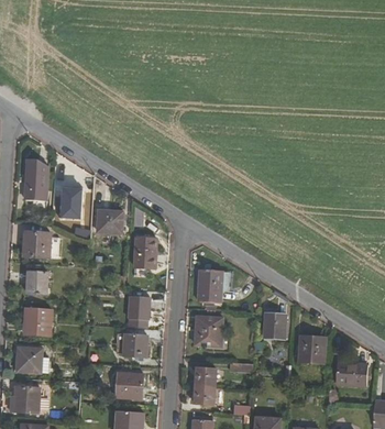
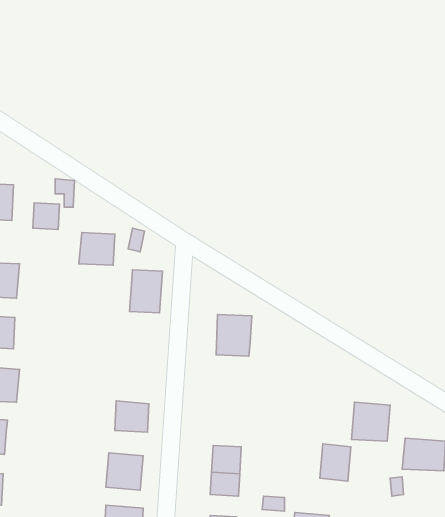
building: [128,295,150,326] -> none
building: [263,311,286,339] -> [320,444,351,481]
building: [195,315,222,346] -> none

